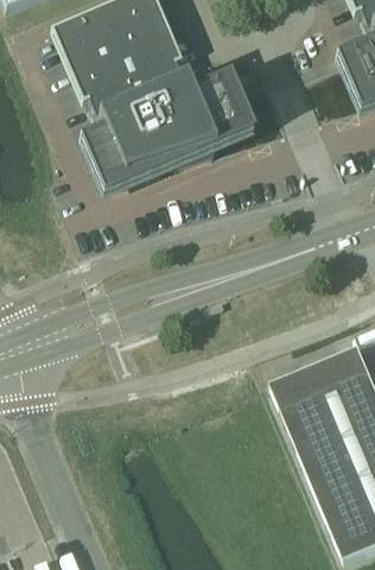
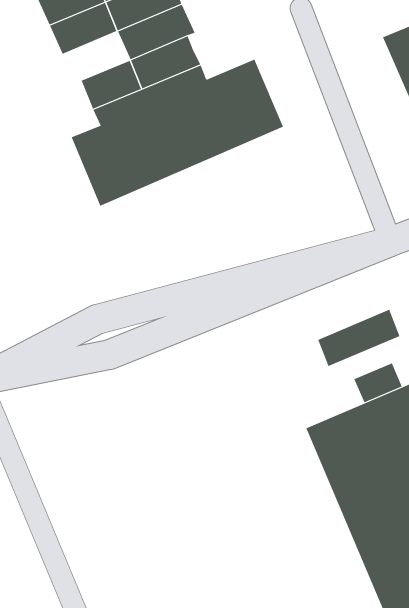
building: [70,55,126,97] -> none
building: none -> [318,309,400,367]
building: none -> [354,362,403,403]

